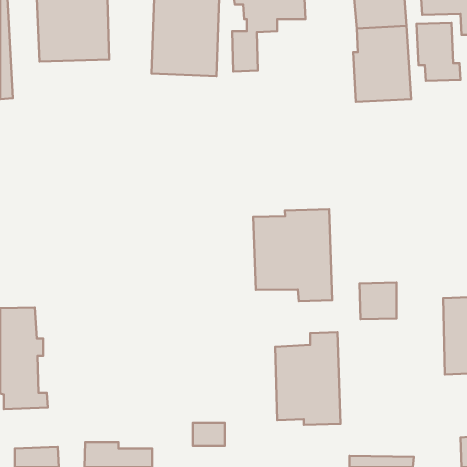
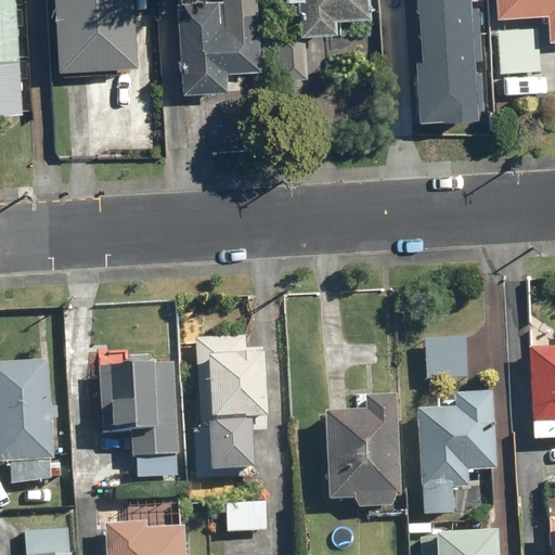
building: [253,209,332,301] -> none
building: none -> [192,337,260,476]
building: none -> [98,365,176,480]
building: none -> [421,388,496,514]

